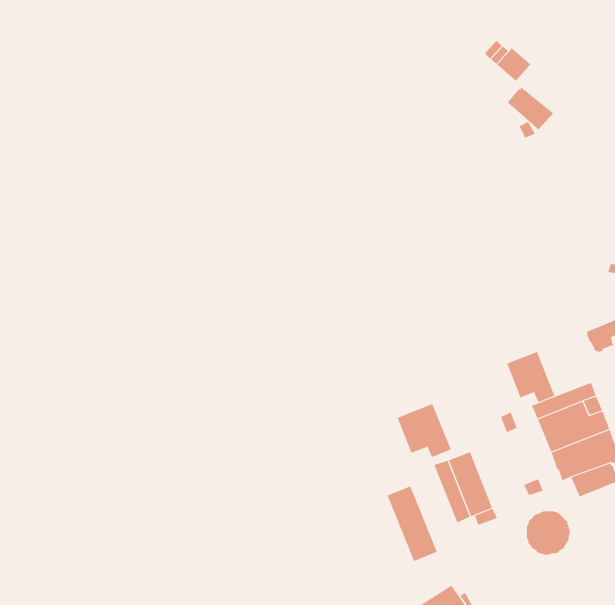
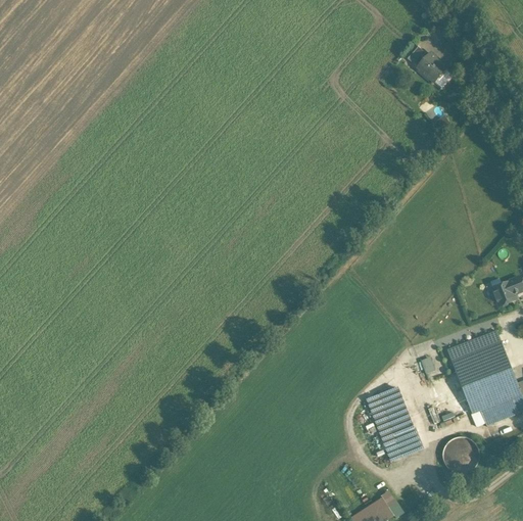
building: [507,87,554,130] -> none
building: [506,351,555,403] -> none
building: [397,403,452,458] -> none
building: [387,486,437,562] -> none

